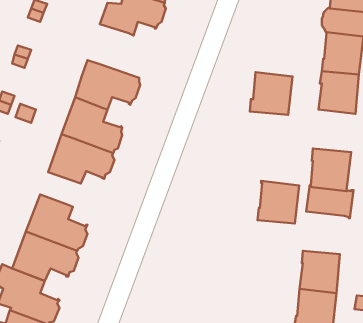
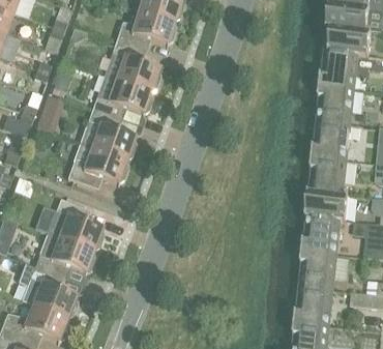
building: none -> [102,40,159,90]
building: [250,72,292,115] -> [311,119,350,158]
building: [258,181,299,224] -> [301,213,340,253]

